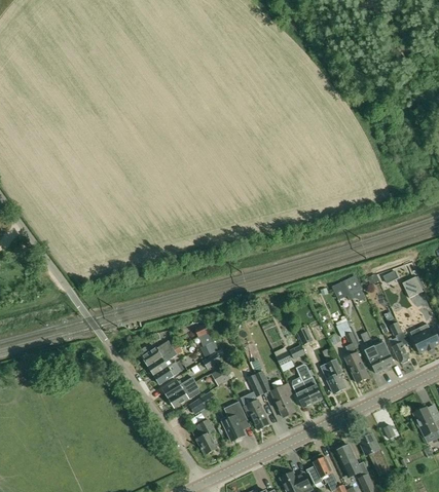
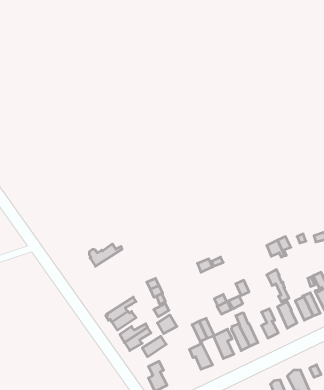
building: [141,340,179,366] -> [89,244,122,266]
building: [222,402,248,442] -> none

